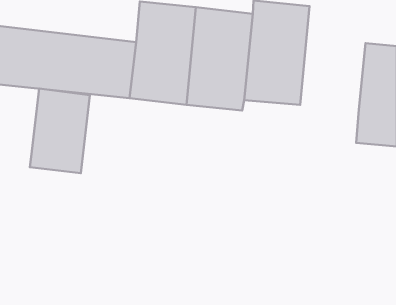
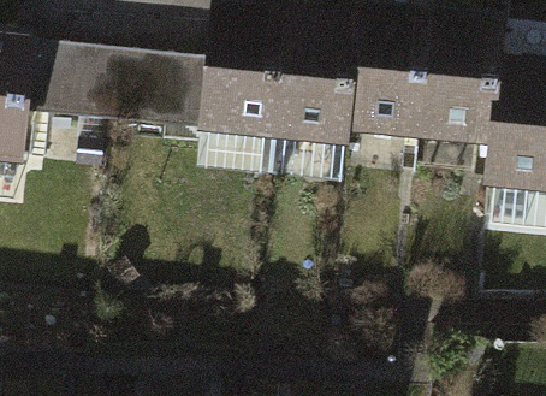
building: none -> [422,14,509,146]
building: [30,89,90,173] -> none

